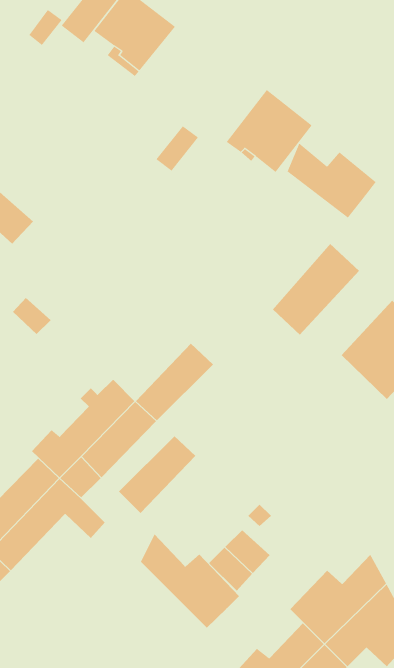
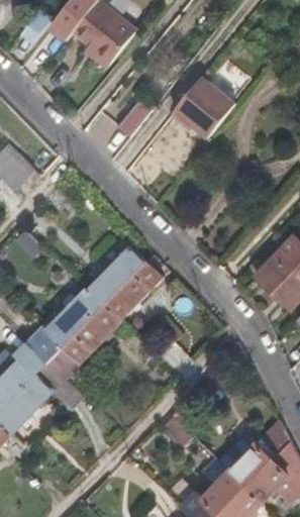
building: [287,143,377,219] -> none
building: [272,243,360,336] -> none
building: [118,436,196,514] -> [86,248,144,307]
building: [140,533,240,629] -> none

